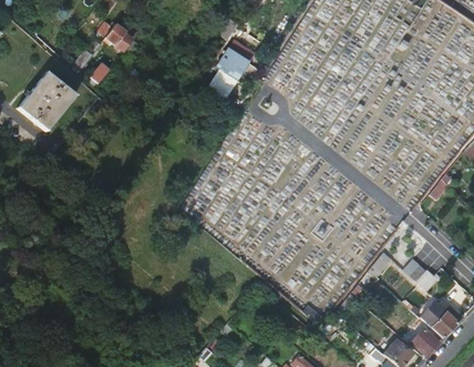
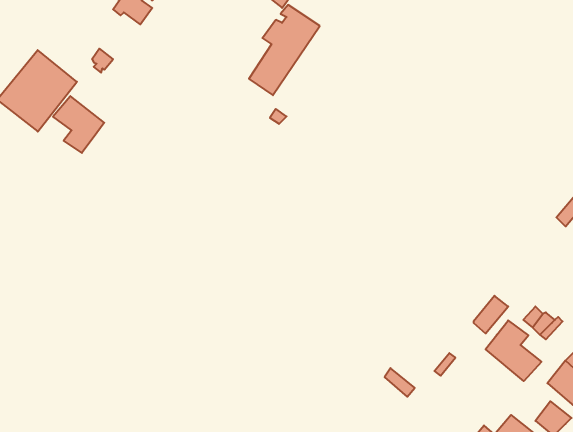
building: none -> [53,96,104,153]
building: none -> [486,320,541,381]

